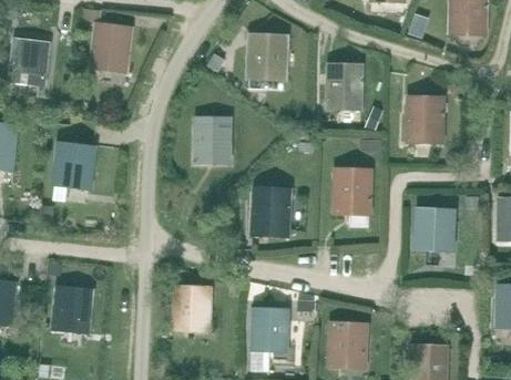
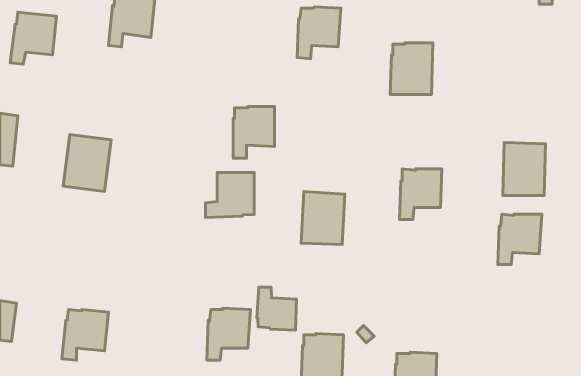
building: [408,96,443,141] -> [503,142,545,196]
building: none -> [206,172,254,218]
building: none -> [257,287,296,330]

